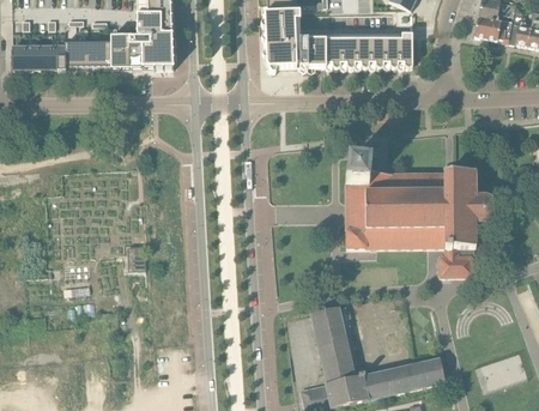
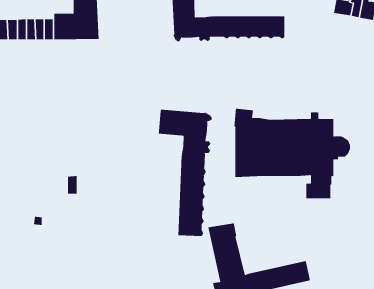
building: none -> [158,109,212,237]

